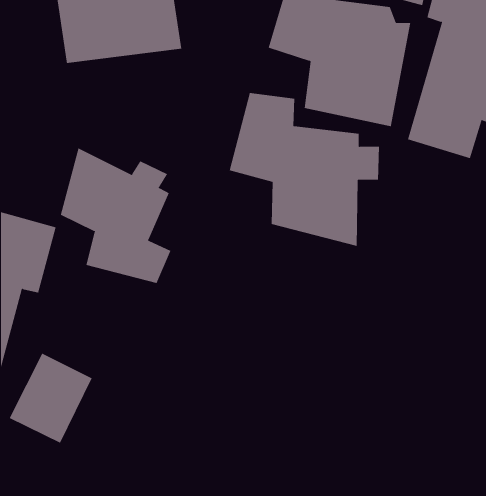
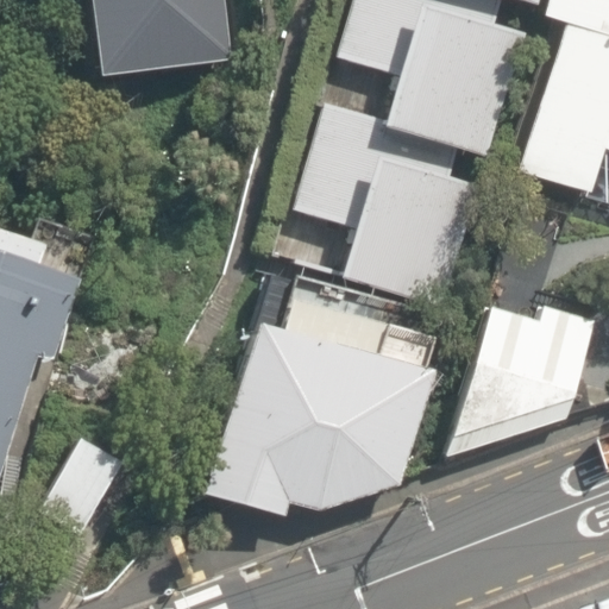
building: [60,148,171,284] -> none
building: none -> [441,300,597,452]
building: none -> [226,316,431,504]

